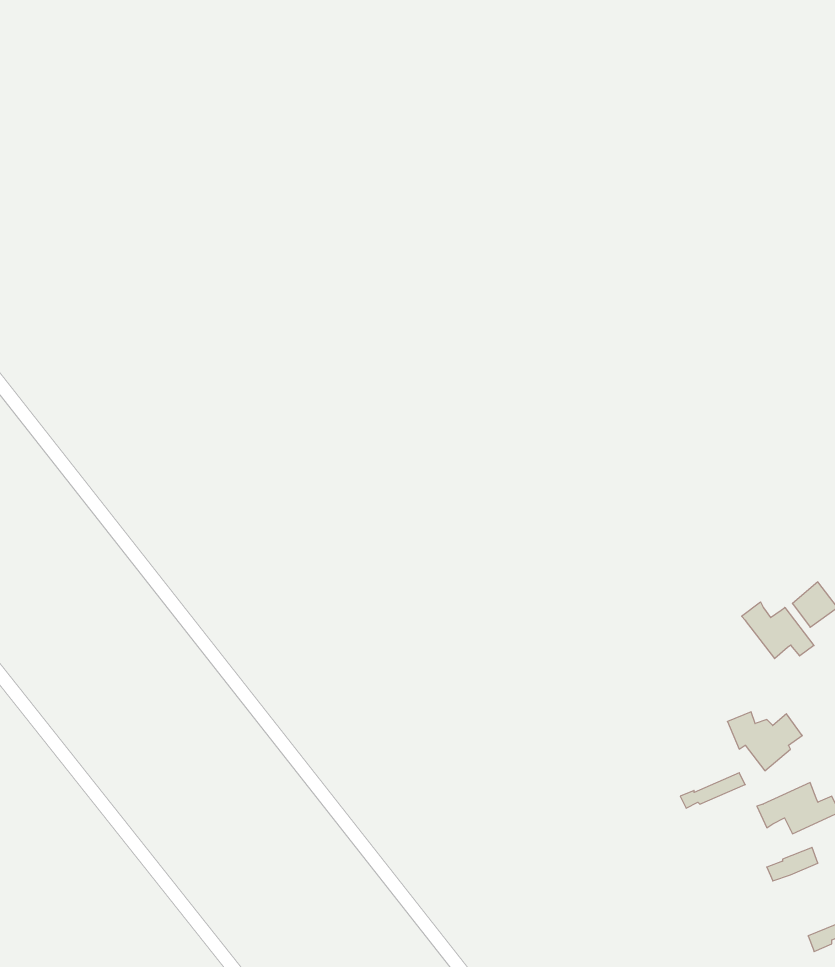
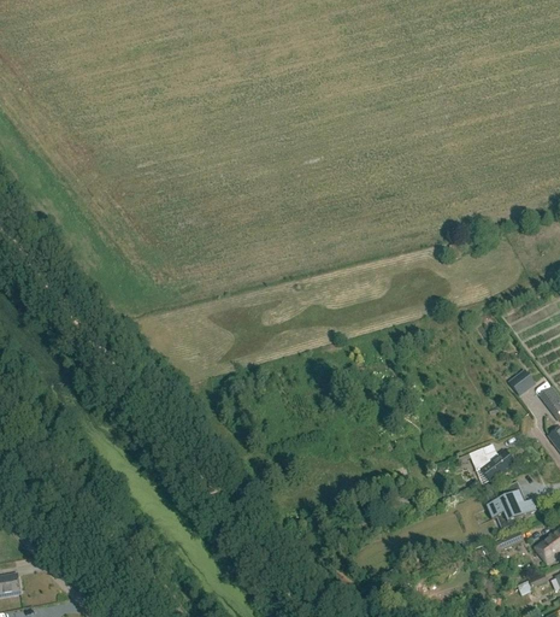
building: [742,602,814,659] -> none

